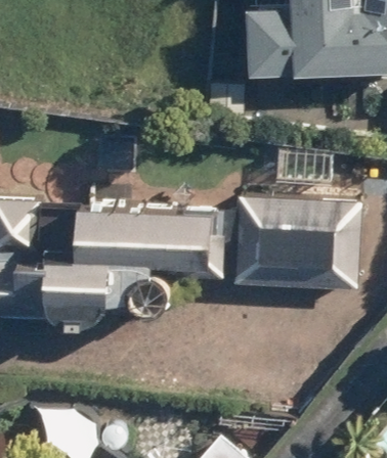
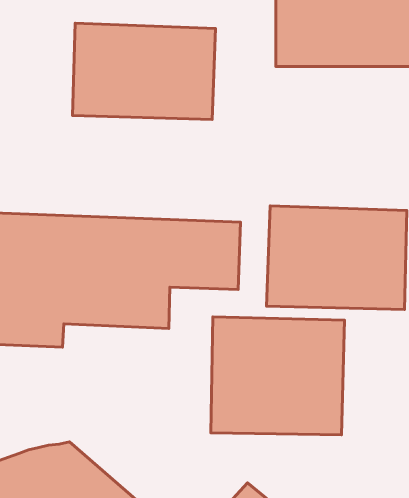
building: none -> [73,23,216,120]
building: none -> [211,317,345,435]

